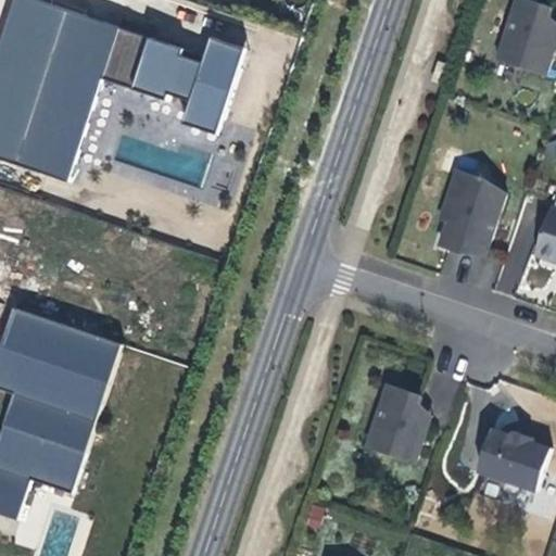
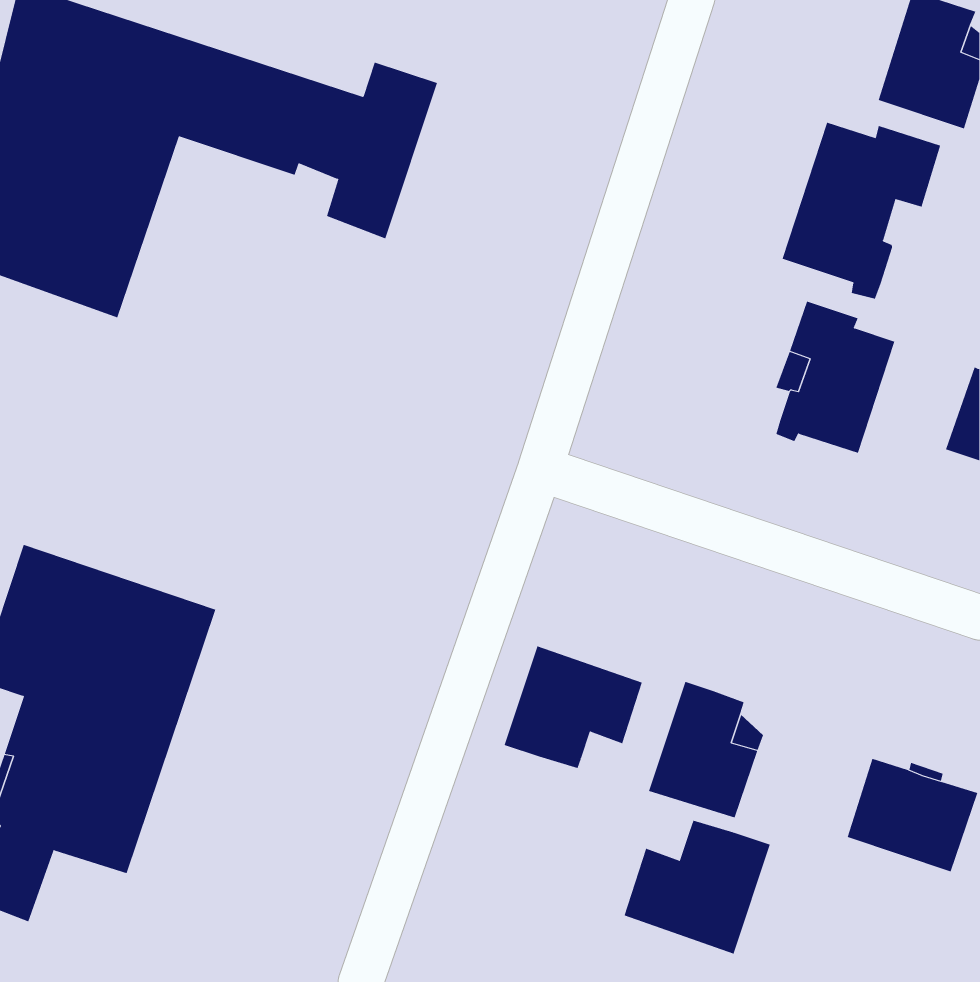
building: none -> [782,122,941,300]
building: none -> [504,645,642,769]
building: none -> [624,820,771,954]

